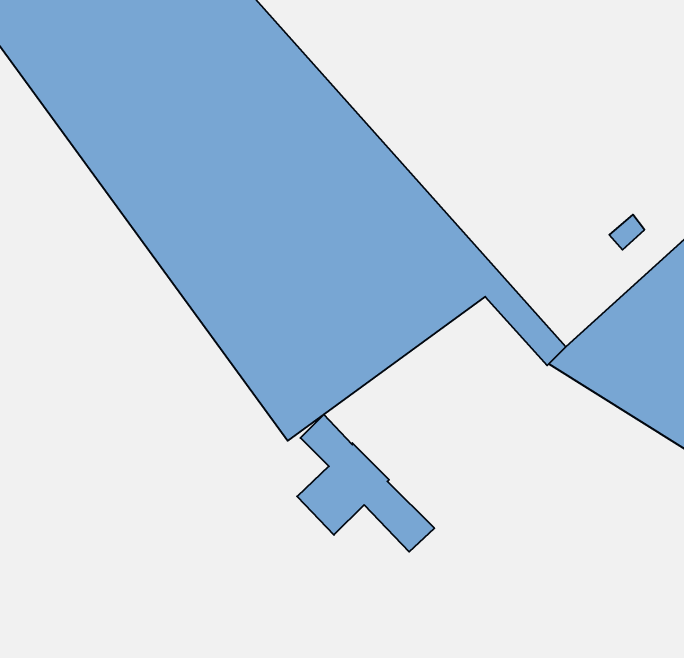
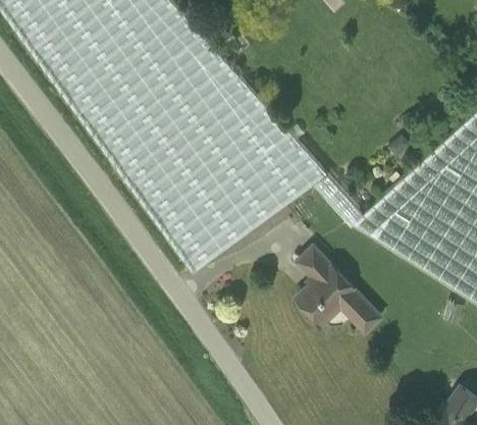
building: [297,414,434,552] -> [298,247,381,330]

